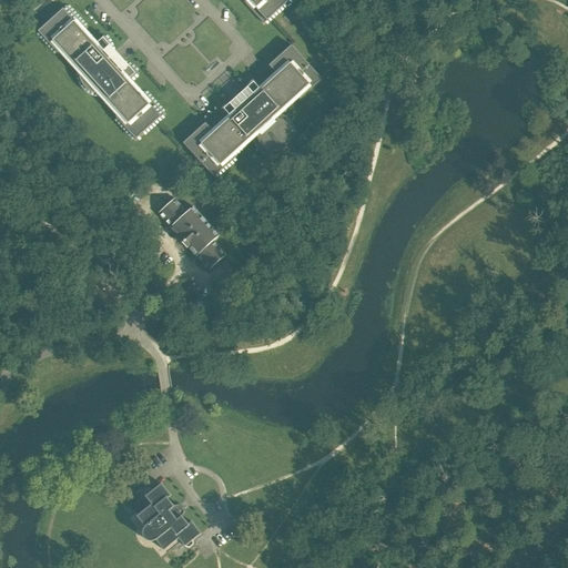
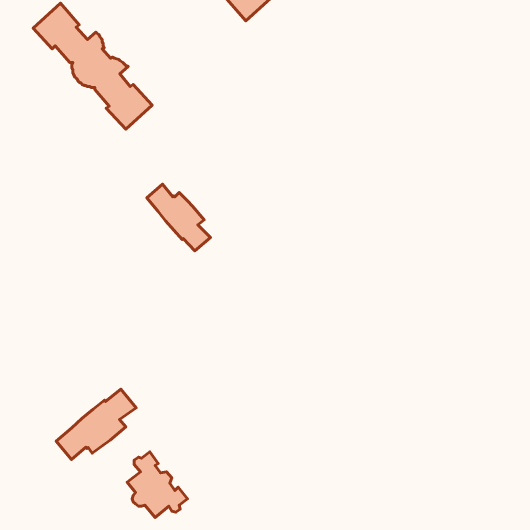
building: [181,43,321,175] -> none
building: none -> [56,389,136,460]

